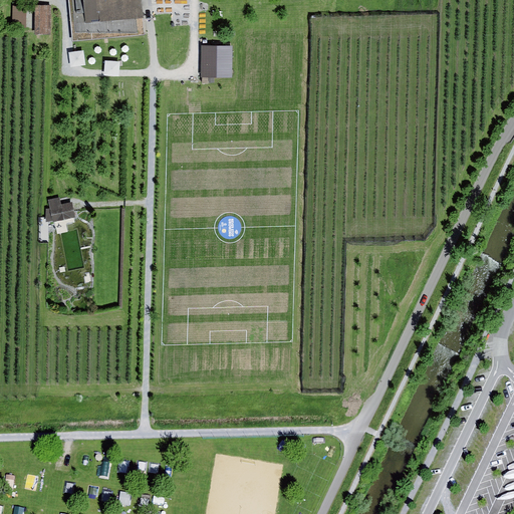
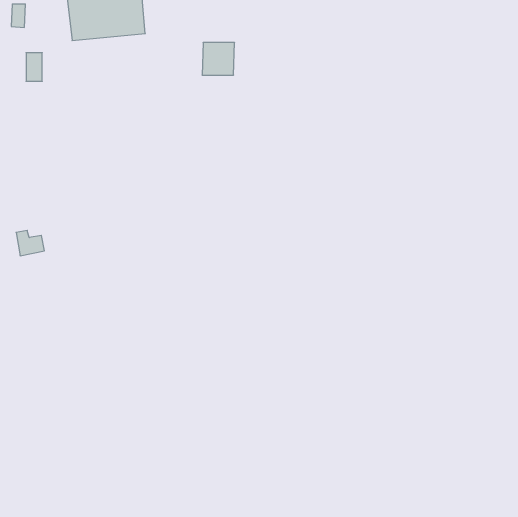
building: [34,4,50,32] -> [26,53,42,81]
building: [47,196,75,221] -> [16,230,44,256]

